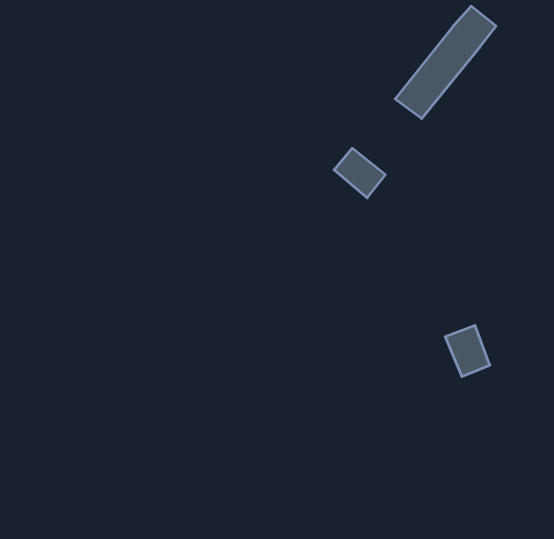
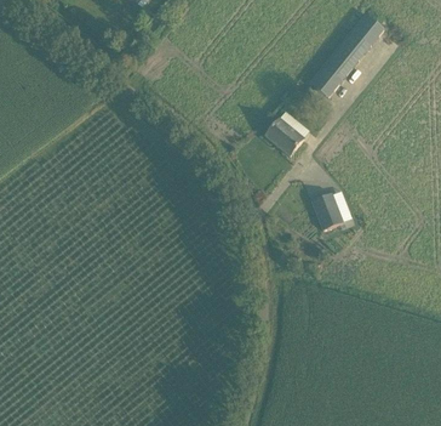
building: [445,325,490,377] -> [310,192,343,229]

